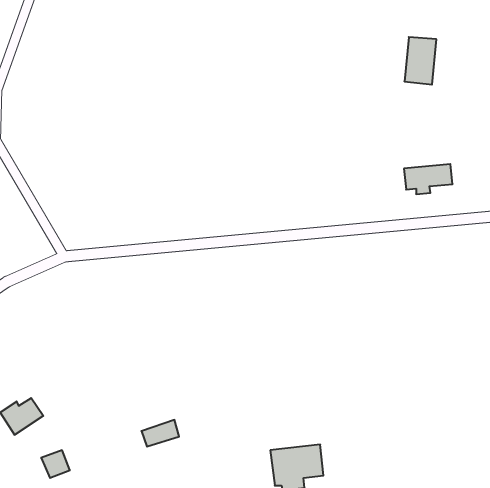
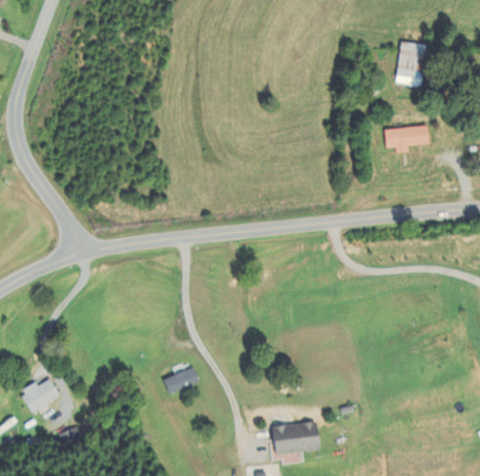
building: [404,164,453,194] -> [384,125,430,152]
building: [141,420,179,447] -> [163,368,198,393]

